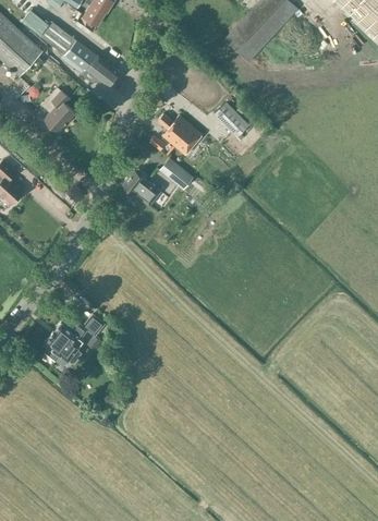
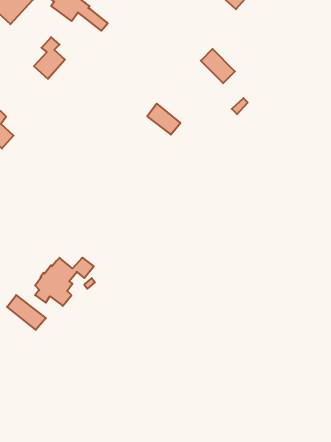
building: [159,114,204,155] -> none
building: [123,170,160,206] -> none
building: none -> [7,295,46,330]

